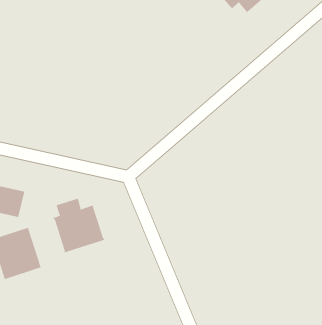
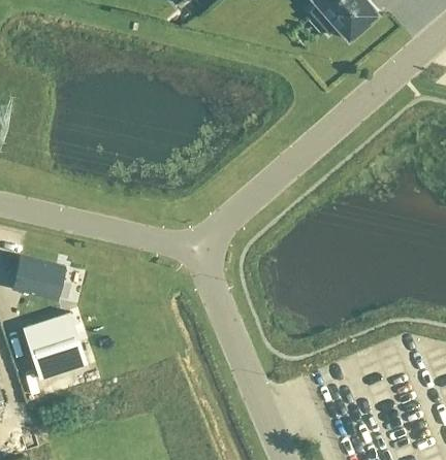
building: [53,198,105,253] -> none

